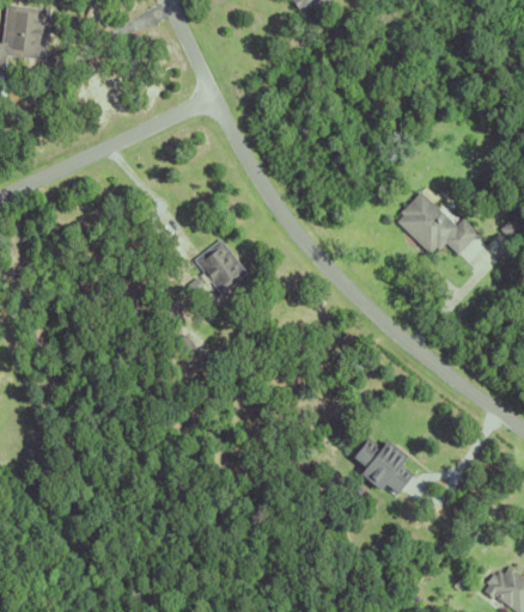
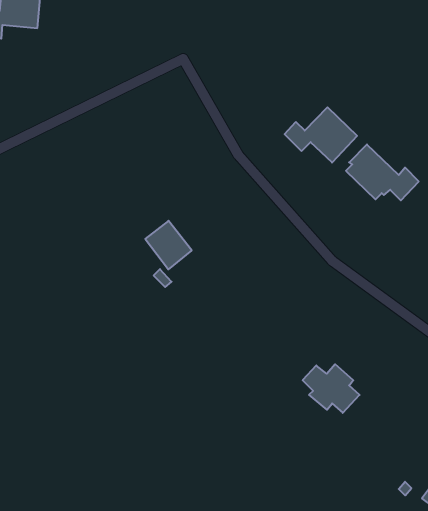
building: none -> [285,107,357,163]
building: [195,239,248,294] -> [145,221,192,269]

